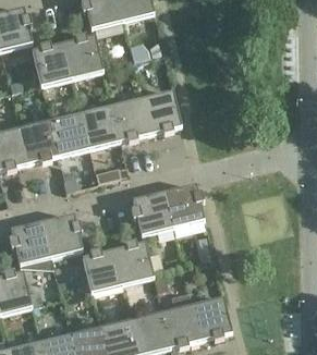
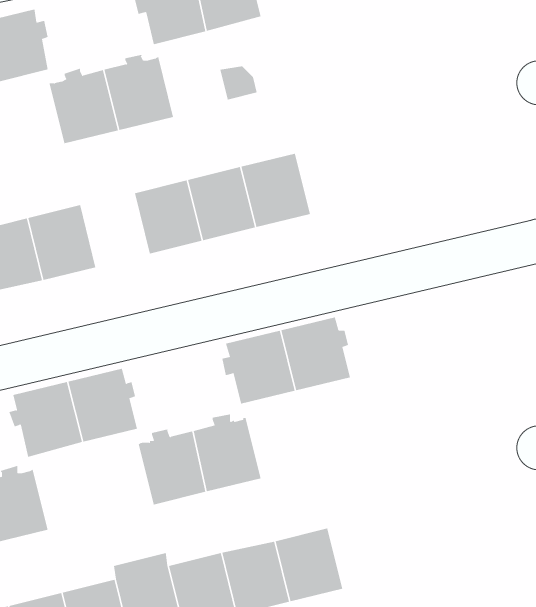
building: [50,113,89,156] -> none
building: [192,297,232,340] -> none

